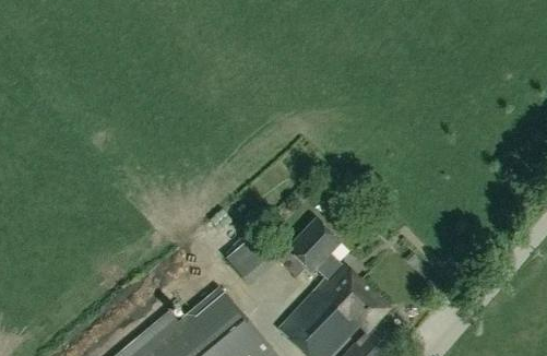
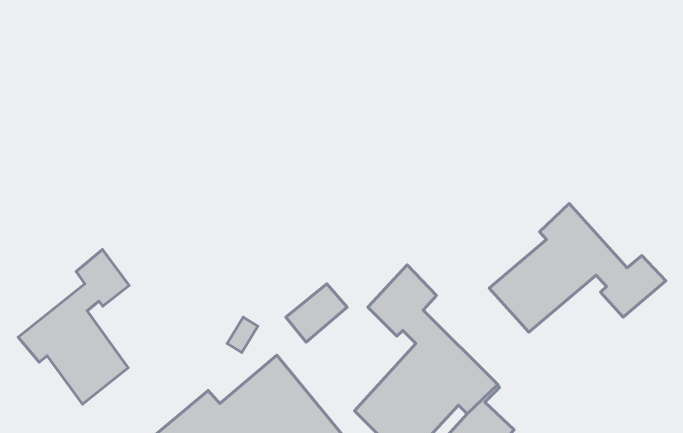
building: none -> [489,203,666,332]
building: none -> [18,249,129,404]

